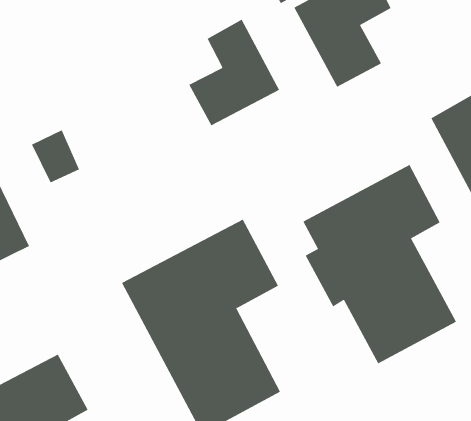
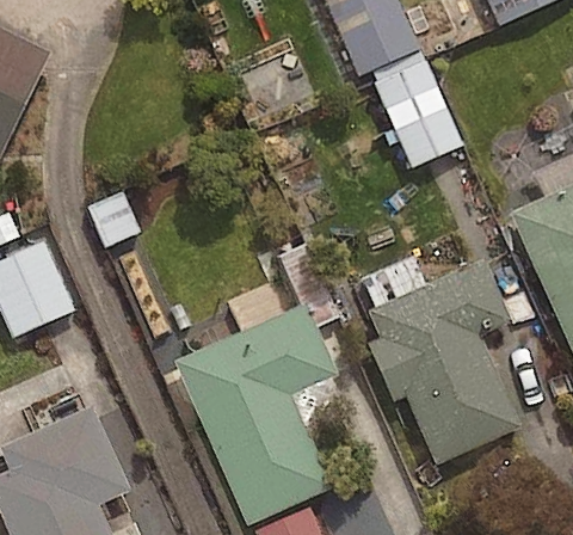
building: [189,19,280,126] -> none

